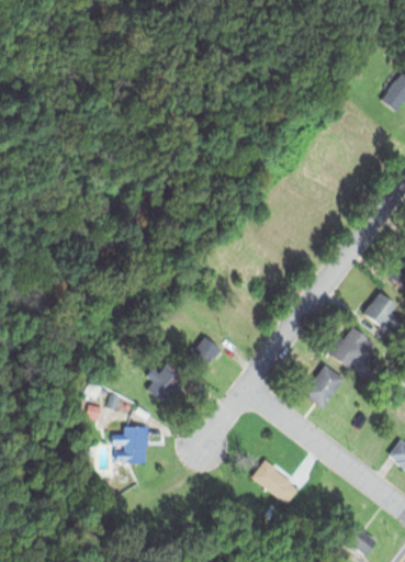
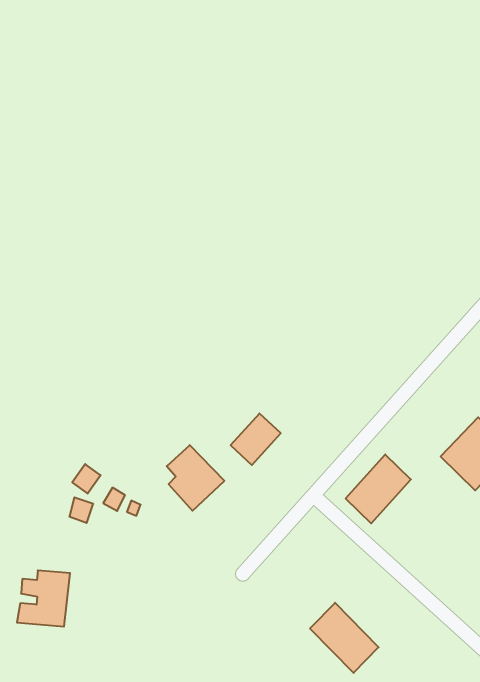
building: [303,362,346,409] -> [346,454,411,523]
building: [112,427,145,463] -> [17,570,70,627]

